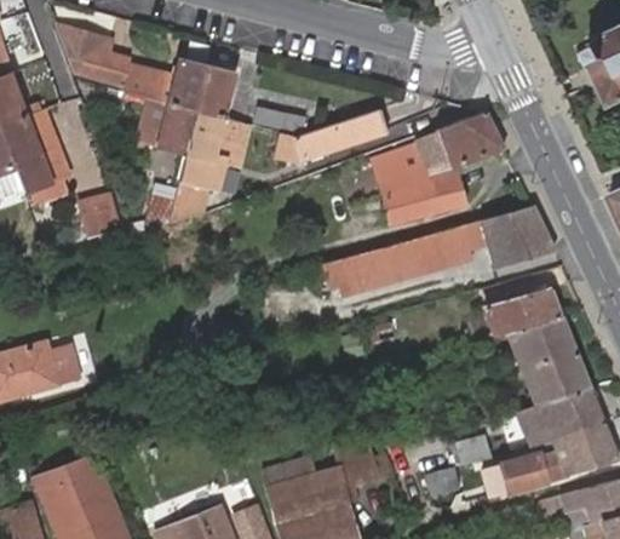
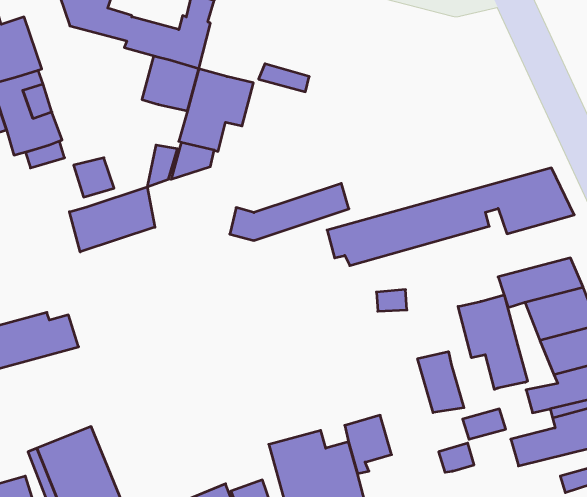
building: [196,68,234,119] -> none
building: [274,110,388,165] -> [230,183,349,240]
building: [369,113,505,227] -> none
building: none -> [69,187,155,252]
building: none -> [458,295,528,389]
building: none -> [418,352,464,413]

